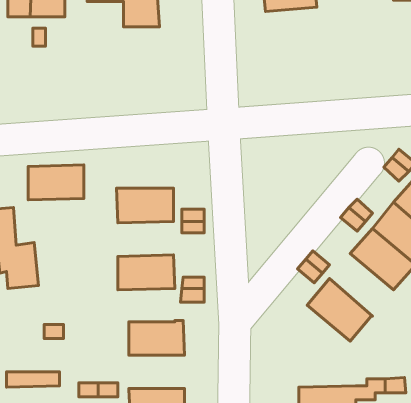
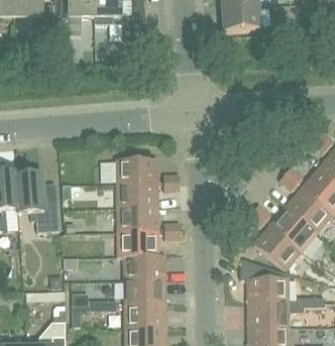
building: [28,165,84,200] -> [117,183,157,208]
building: none -> [270,206,317,251]
building: none -> [117,231,158,256]
building: none -> [240,257,290,303]
building: none -> [125,279,165,304]

